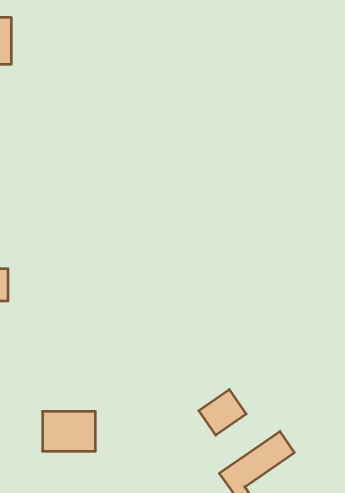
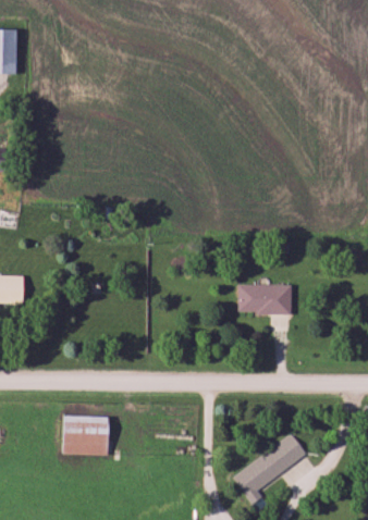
building: none -> [234,284,286,313]
building: [199,389,246,435] -> none

